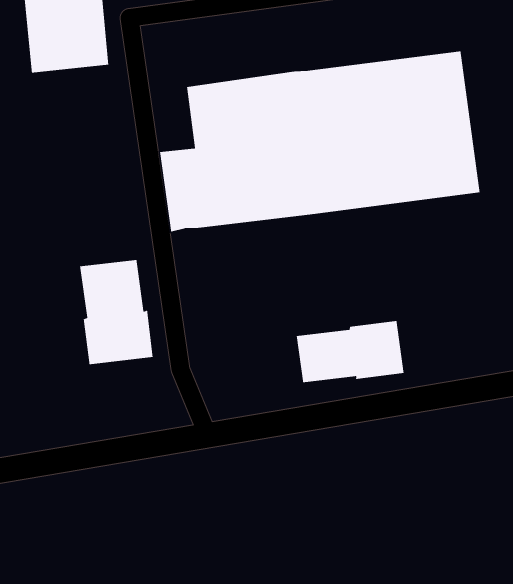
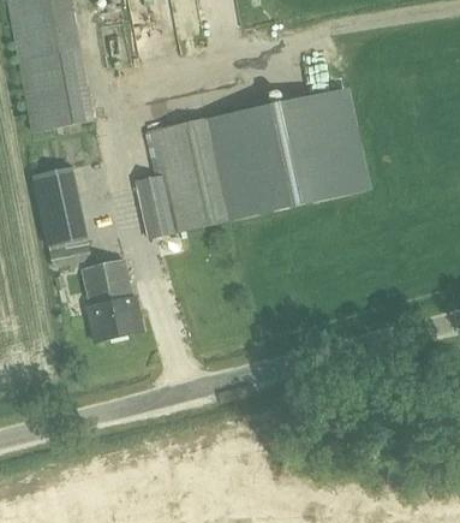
building: none -> [34,167,84,246]
building: [296,320,404,383] -> none

